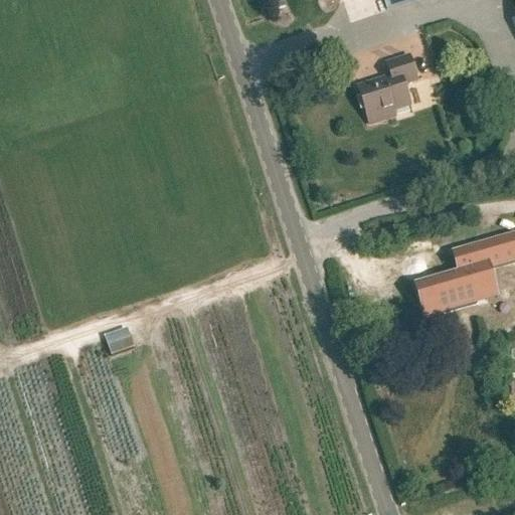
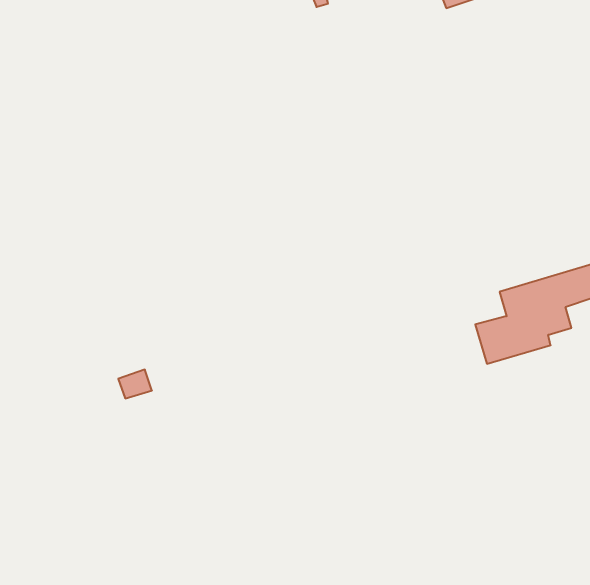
building: [359,53,419,122] -> none

